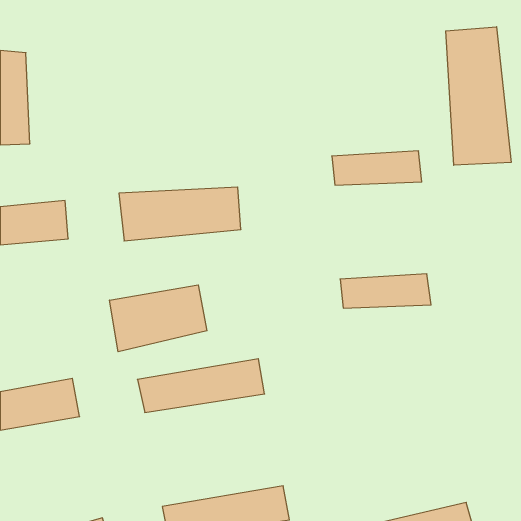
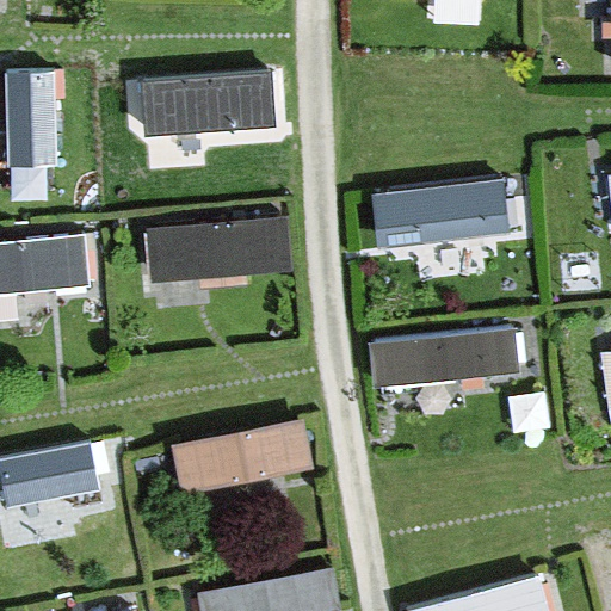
building: [446,27,511,165] -> none
building: none -> [128,75,269,137]
building: [110,285,207,352] -> none

